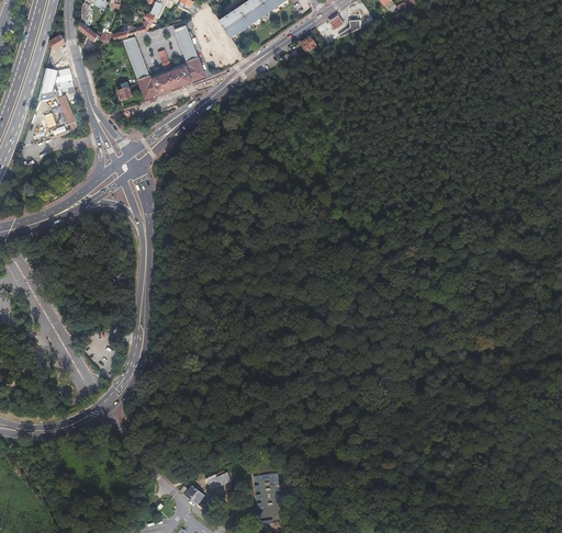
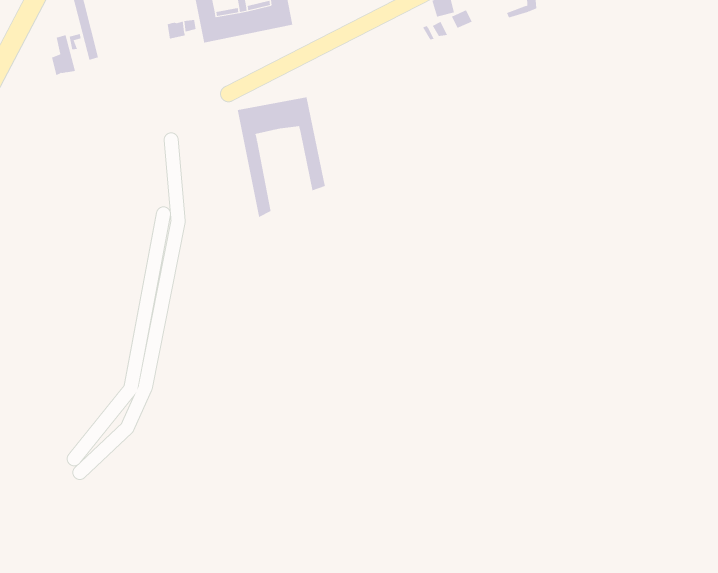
building: none -> [237,96,325,218]

